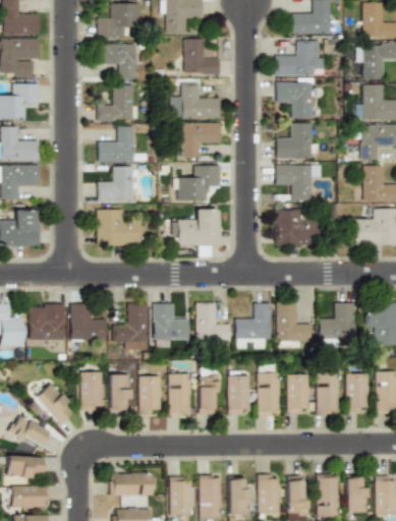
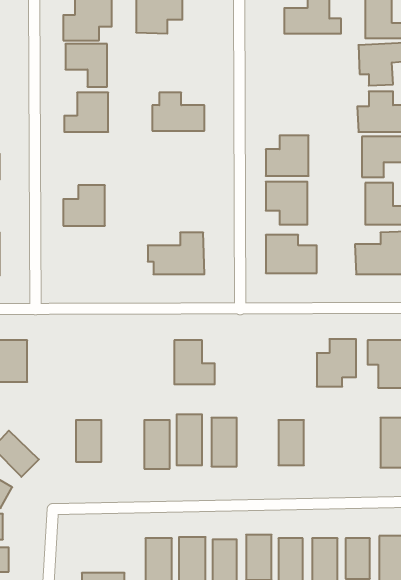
building: [181,39,220,75] -> none
building: [276,41,323,75] -> none
building: [275,80,315,118] -> none
building: [181,122,221,158] -> none
building: [98,126,134,163] -> none
building: [177,165,221,201] -> none
building: [97,209,142,246] -> none
building: [153,302,188,346] -> none
building: [275,302,310,346] -> none
building: [69,303,106,340] -> none
building: [113,303,148,349] -> none
building: [234,303,270,349] -> none
building: [257,367,279,414] -> none
building: [79,371,102,410] -> none
building: [316,372,339,413] -> none
building: [345,373,367,412] -> none
building: [138,374,161,414] -> none
building: [110,473,153,496] -> none

